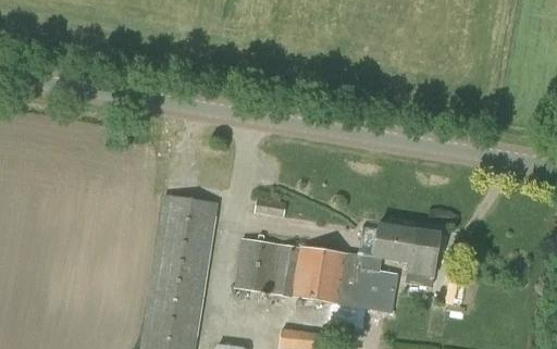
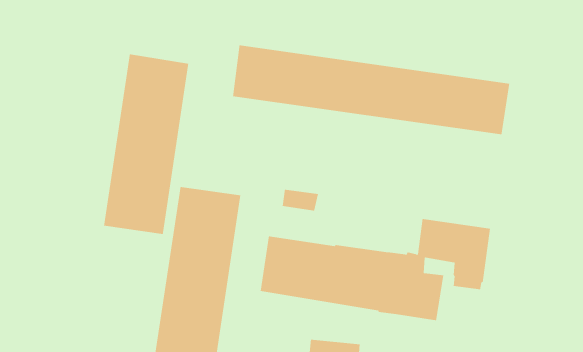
building: none -> [232,45,510,135]
building: none -> [104,54,189,235]

